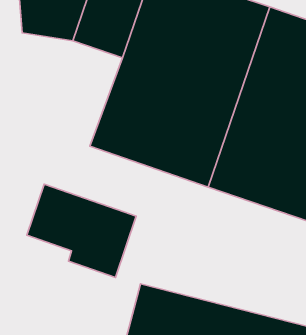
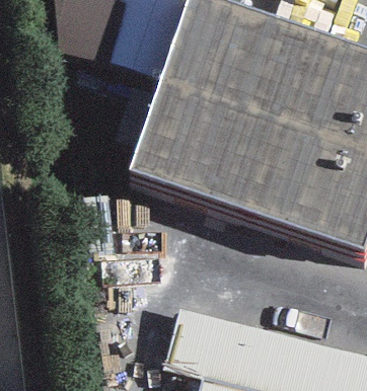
building: [27,184,136,278] -> none

